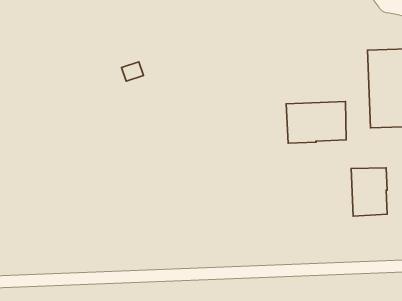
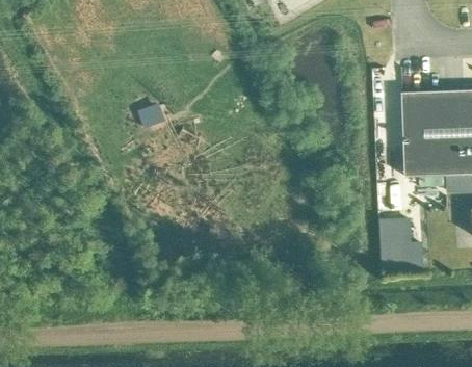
building: [286,102,346,143] -> none

